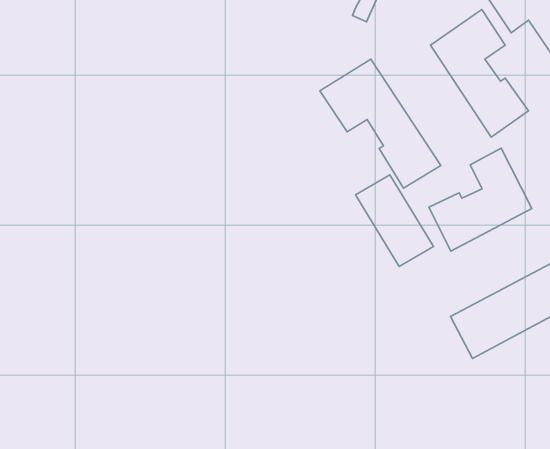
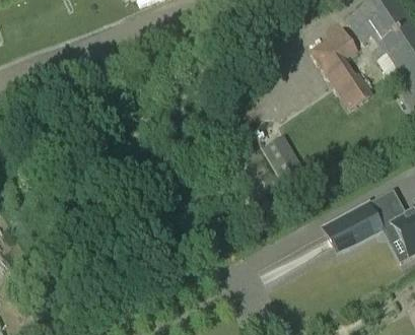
building: [320,59,441,188] -> none
building: [429,148,532,251] -> none

